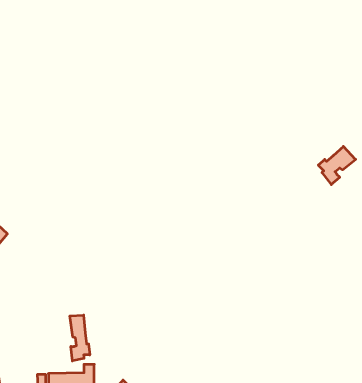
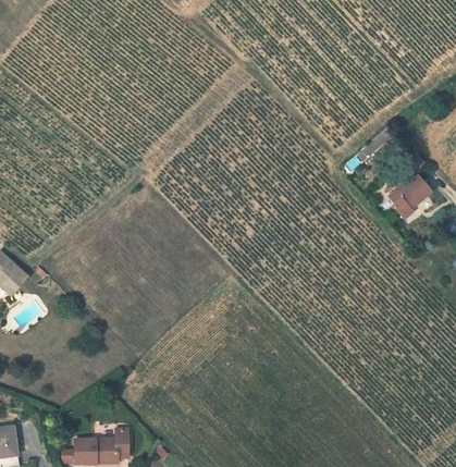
building: [70,315,90,361] -> none

